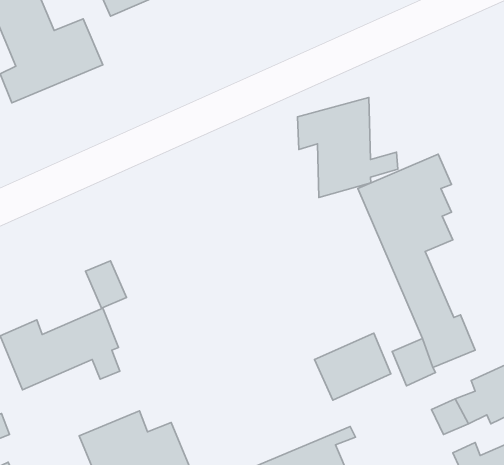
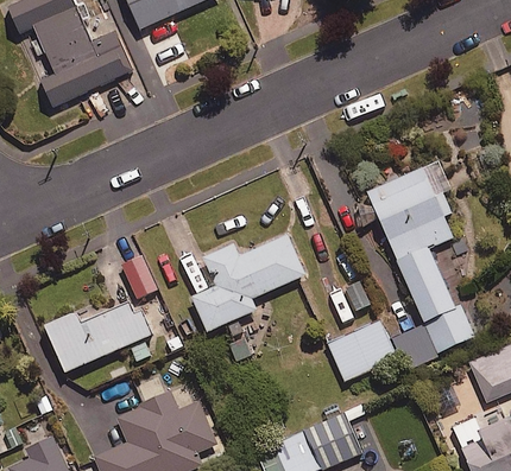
building: [298,97,398,198] -> none
building: none -> [191,235,304,335]

